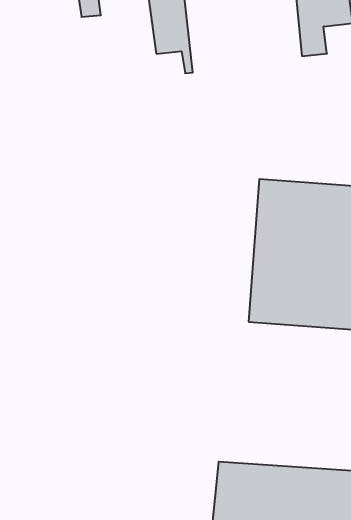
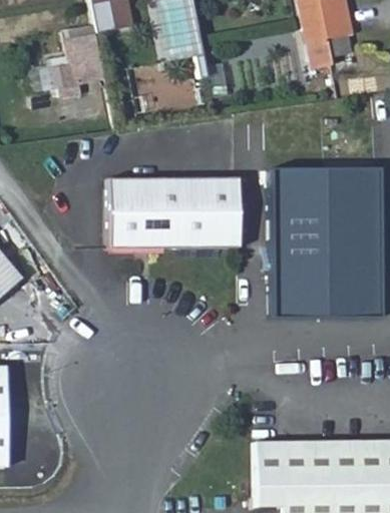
building: none -> [51,35,105,91]
building: none -> [111,178,244,249]

